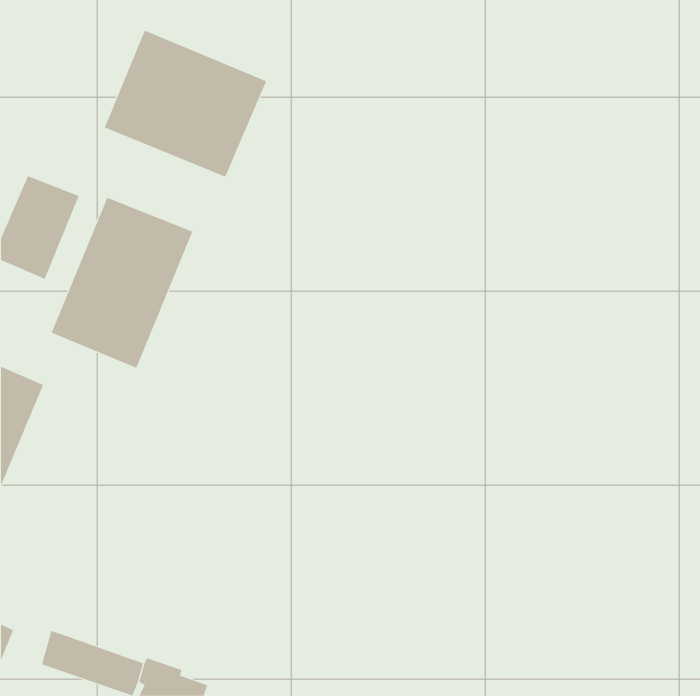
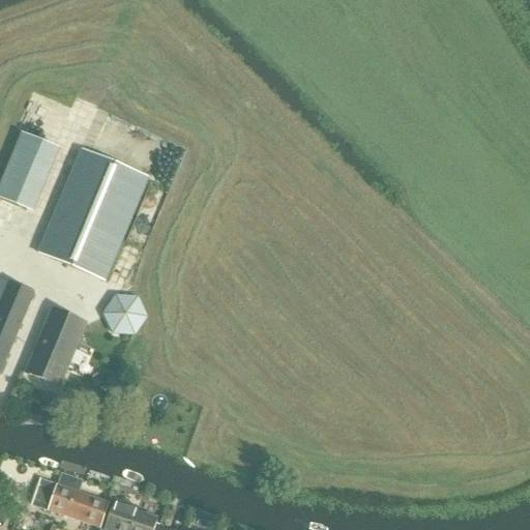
building: [104,30,267,178] -> none
building: none -> [105,295,145,333]
building: none -> [25,308,86,386]

